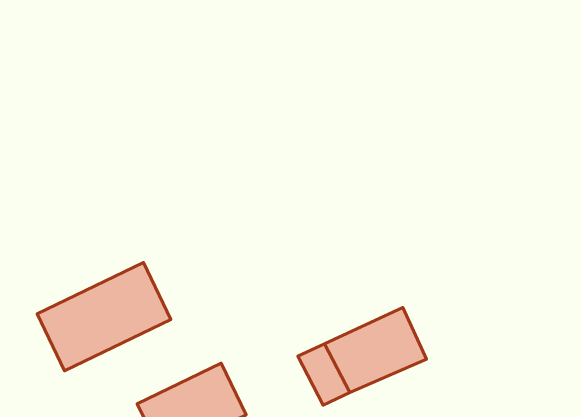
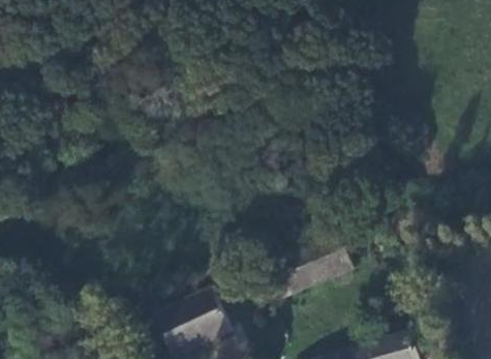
building: [37,262,171,371] -> none

